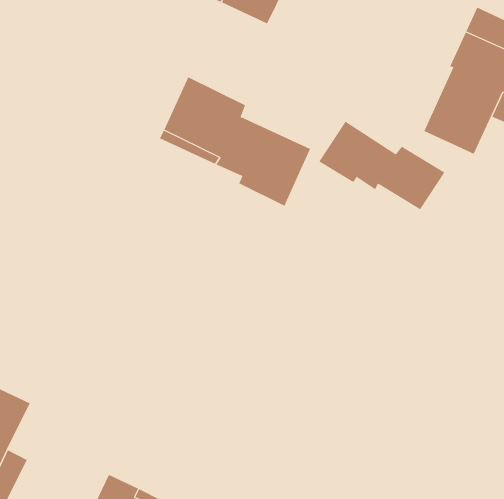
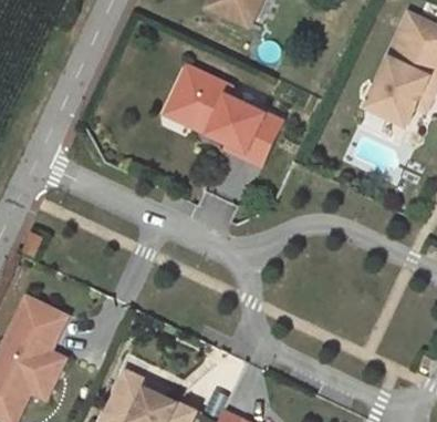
building: [318,121,445,210] -> none

